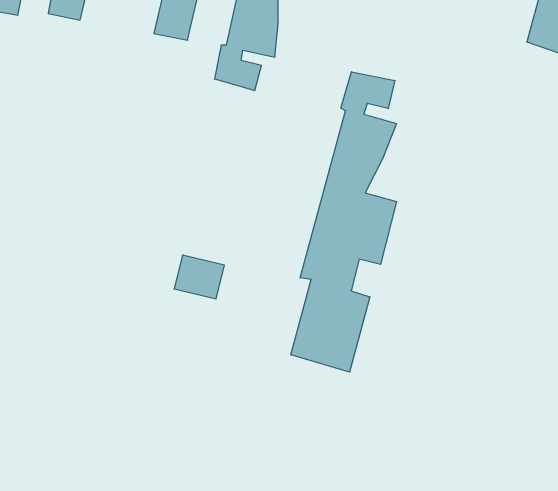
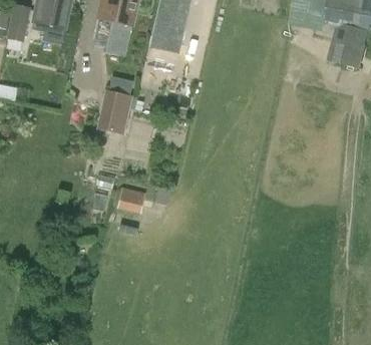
building: [291,72,397,372] -> none
building: none -> [96,89,136,134]

